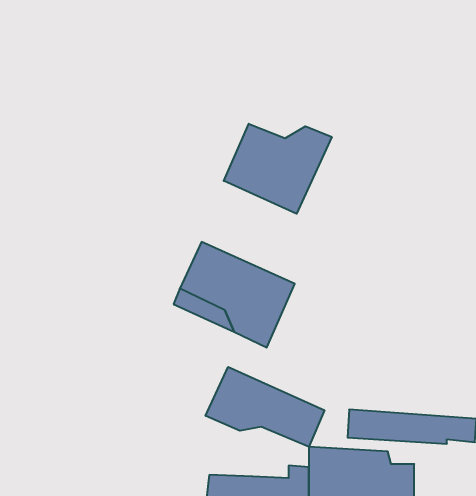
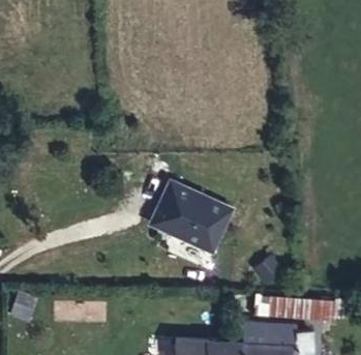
building: [224,124,332,214] -> none
building: [206,367,324,447] -> none

